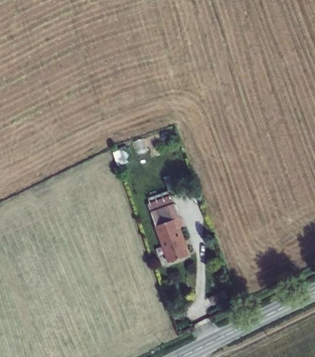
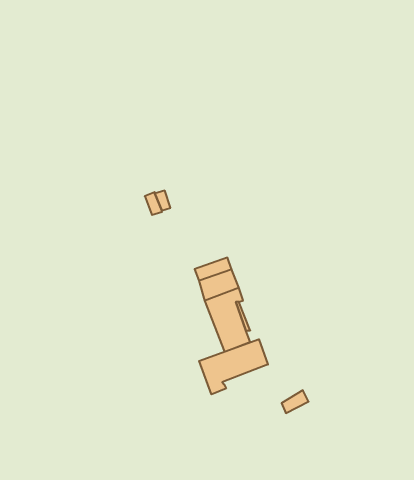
building: none -> [199,339,268,394]

